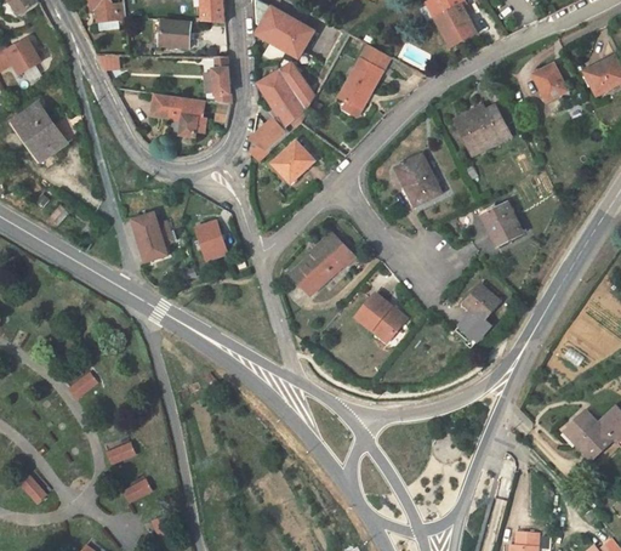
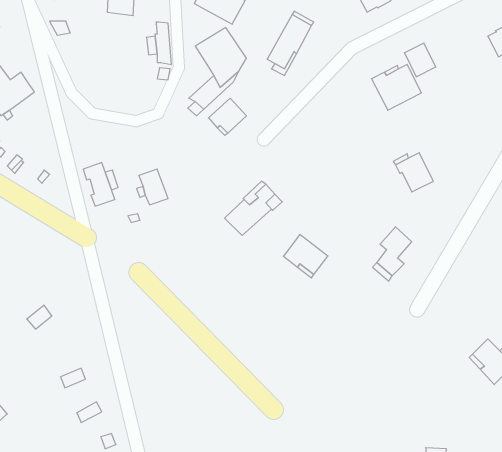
building: [531,63,566,101] -> [404,43,436,77]
building: [150,92,205,136] -> none
building: [394,154,440,205] -> none

